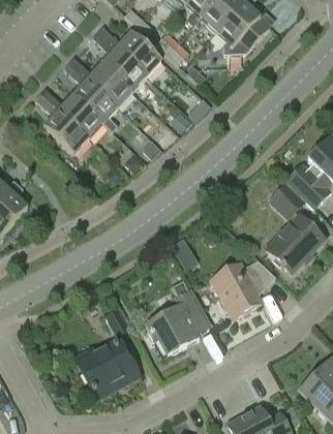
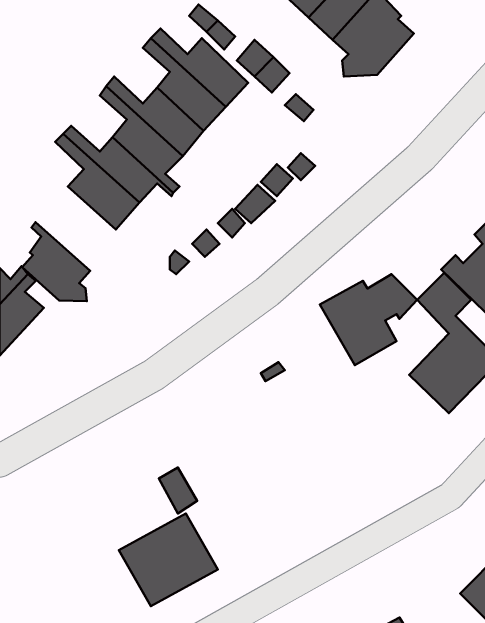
building: none -> [22,222,90,301]
building: [212,258,275,317] -> [320,274,417,365]
building: [146,289,211,354] -> none

